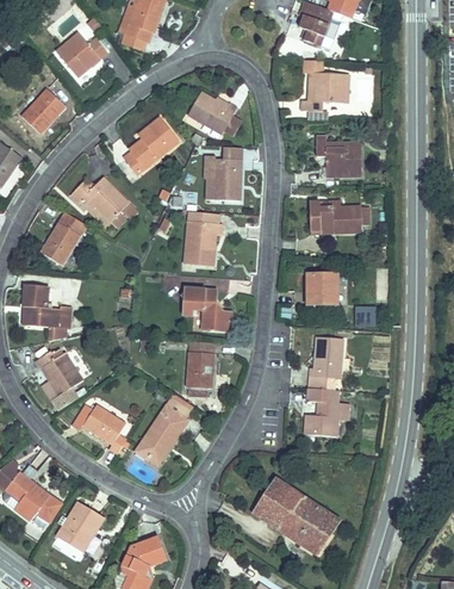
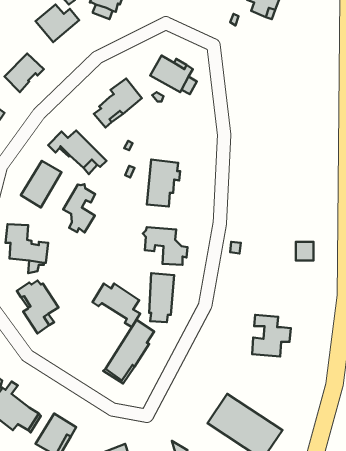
building: [301,61,348,112] -> none
building: [315,136,361,176] -> none
building: [203,150,241,200] -> none
building: [309,202,368,234] -> none
building: none -> [63,184,95,232]
building: [305,274,336,304] -> none
building: [307,337,343,391] -> none
building: [71,404,126,454] -> [92,283,140,327]

